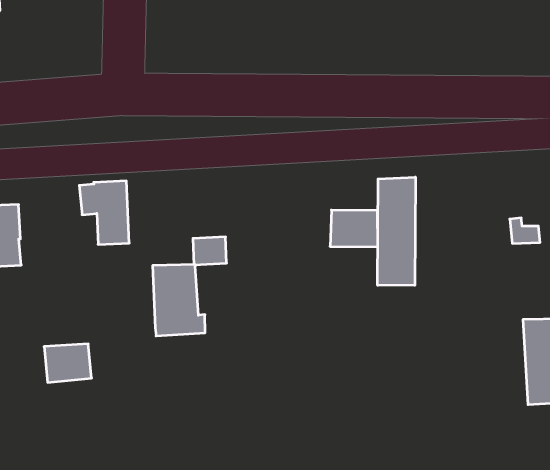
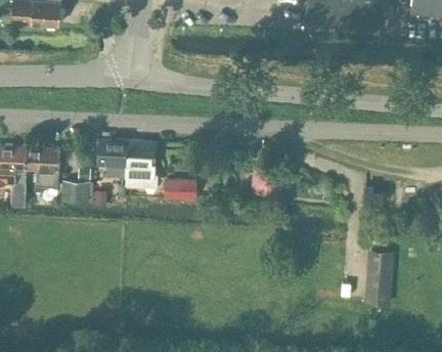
building: [378,177,415,285] -> none
building: [153,265,205,336] -> [126,141,158,186]
building: [44,344,92,382] -> [62,180,90,203]

